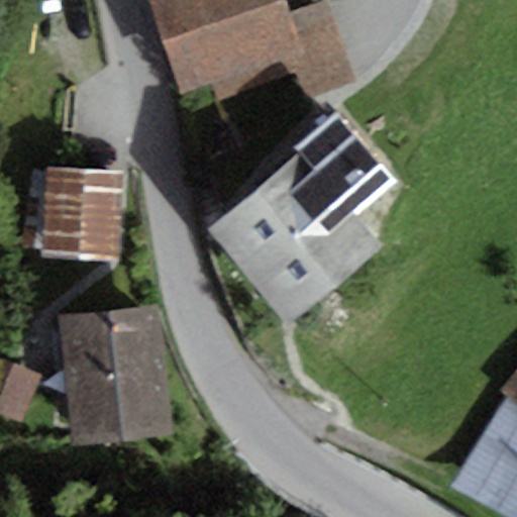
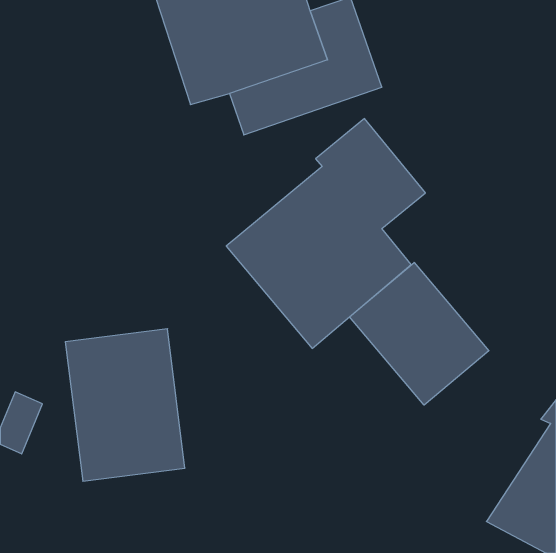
building: [43,166,122,256] -> none
building: none -> [350,262,489,405]

